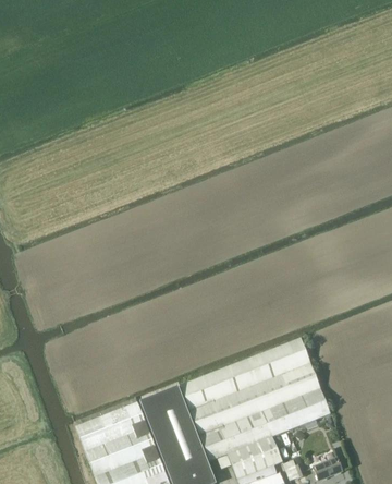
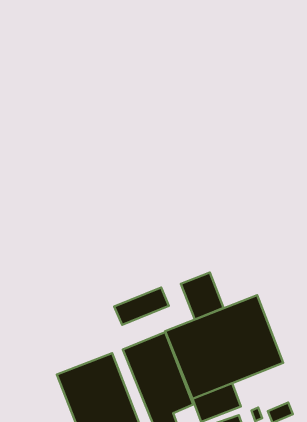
building: none -> [181,272,224,320]
building: none -> [114,287,169,325]

